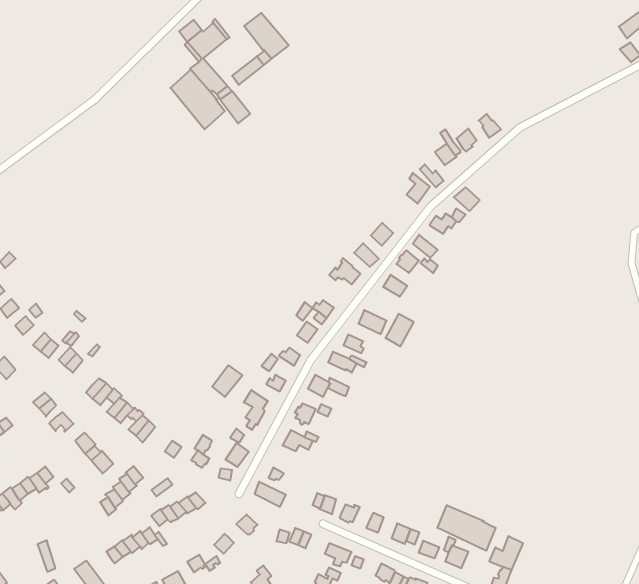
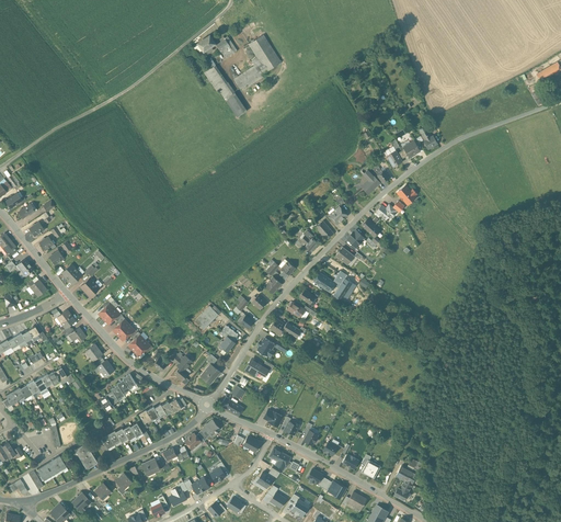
building: [170,70,225,129] -> none
building: [437,505,496,551] -> none

